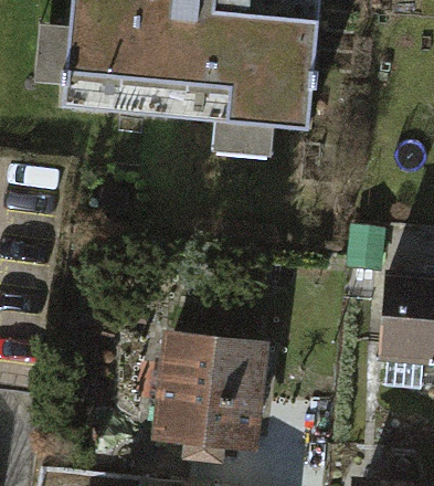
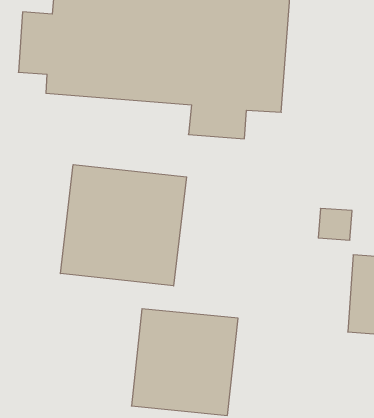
building: none -> [60,165,187,286]

